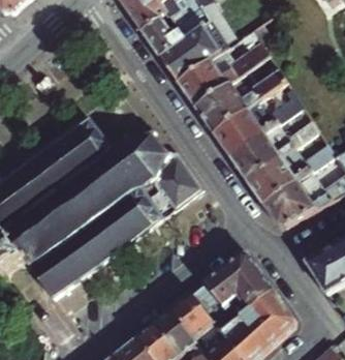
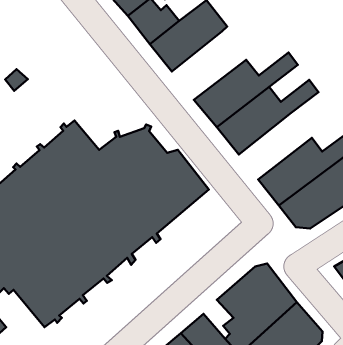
building: [176,29,270,108] -> none
building: [229,119,317,180] -> none

